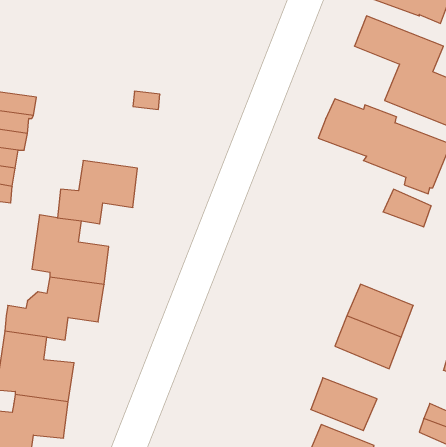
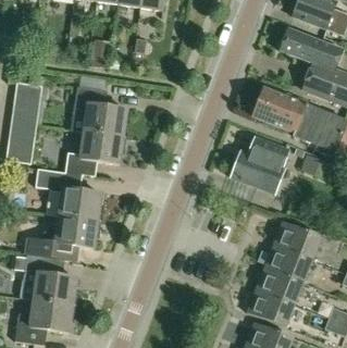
building: none -> [71,86,126,137]
building: none -> [231,136,288,192]
building: none -> [256,265,303,303]

